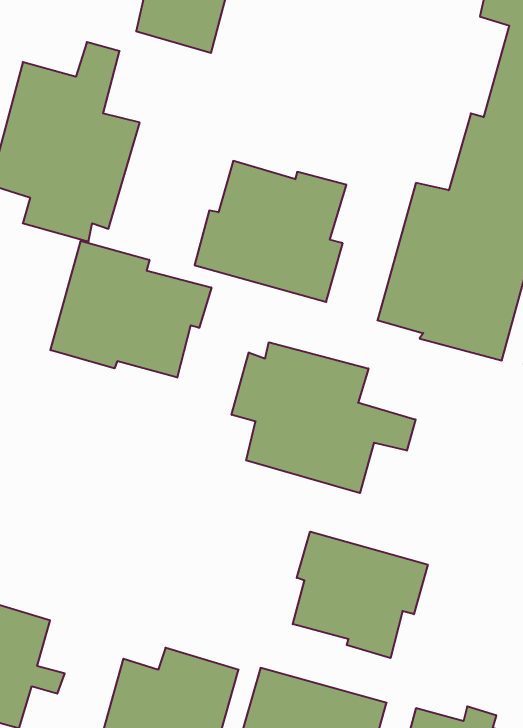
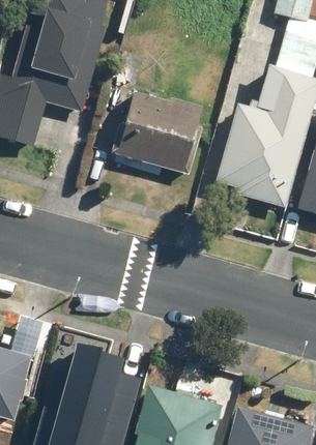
building: [50,241,211,378] -> none
building: [232,342,416,493] -> none
building: [293,532,428,658] -> none

